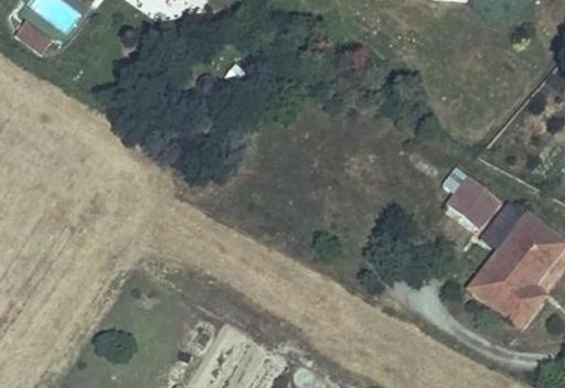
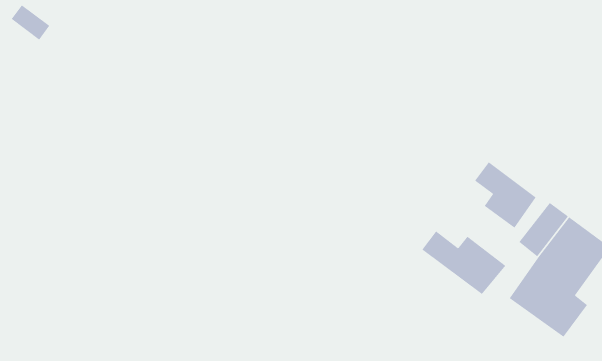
building: none -> [422,230,506,295]

